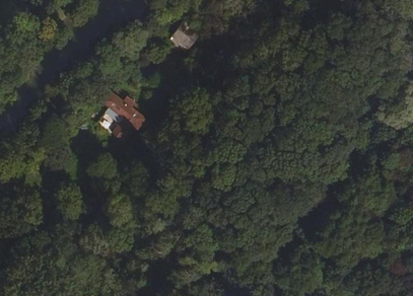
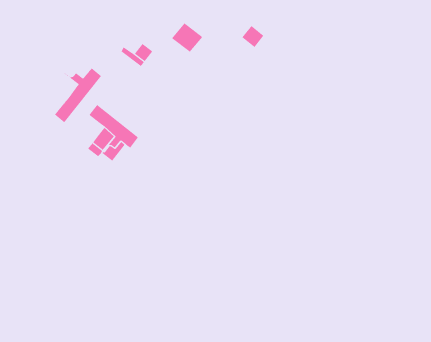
building: none -> [54,67,102,123]

